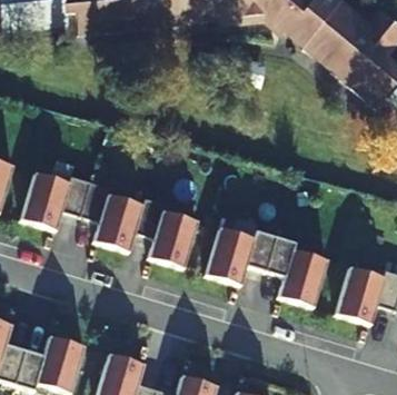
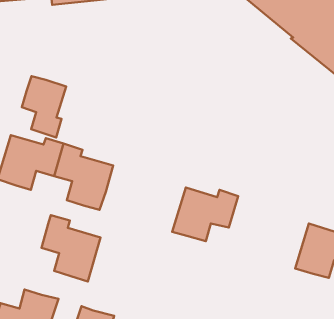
building: none -> [22,76,66,137]
building: [136,197,198,267] -> [41,215,100,281]
building: [266,236,328,306] -> none

